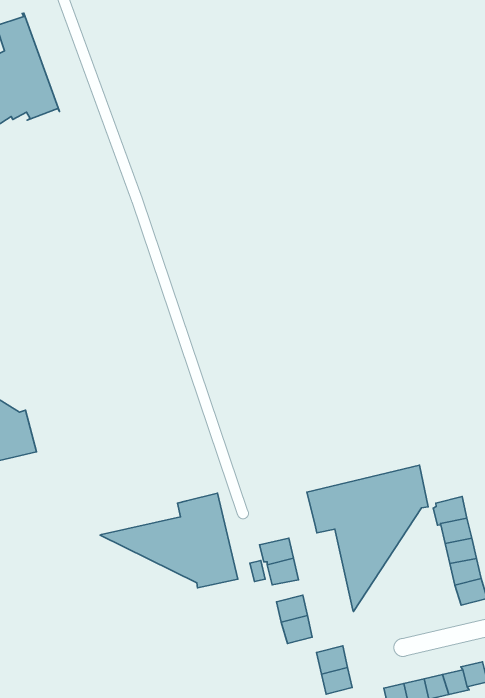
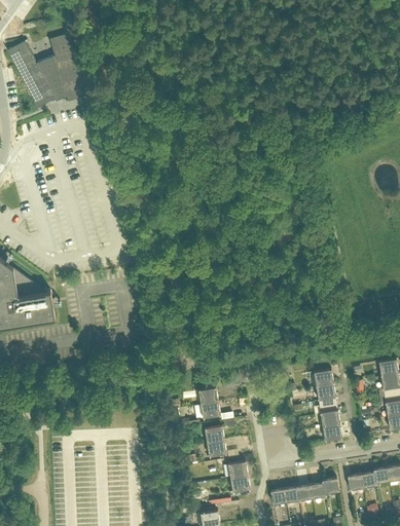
building: [307,465,428,611] -> none
building: [100,493,238,588] -> none

